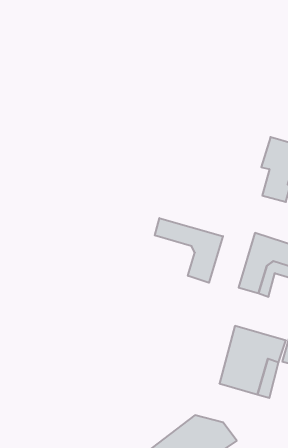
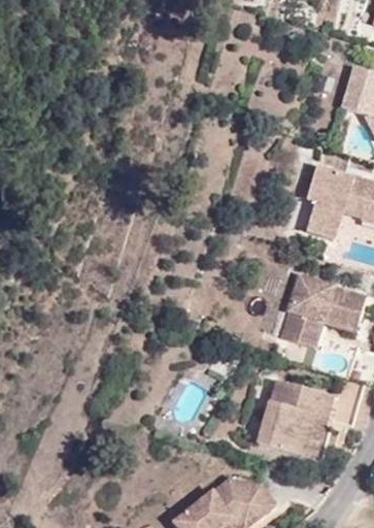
building: [155,218,223,283] -> none

